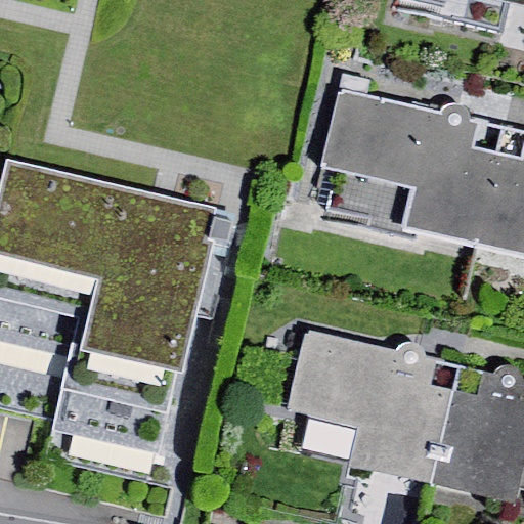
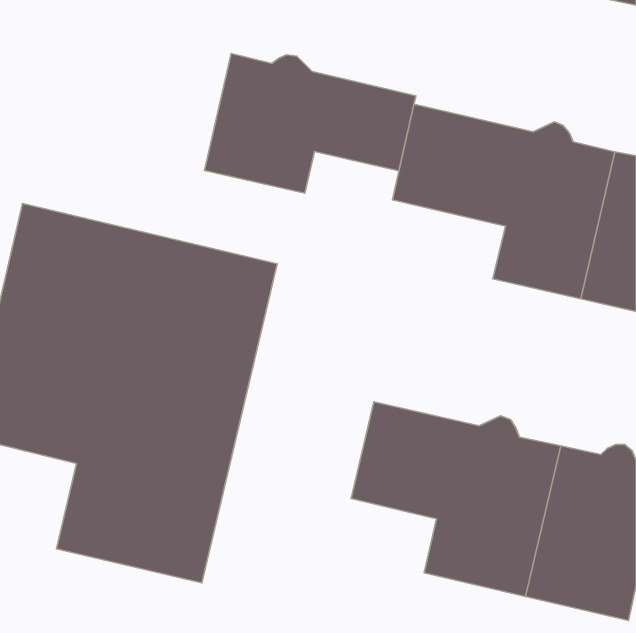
building: none -> [204,54,416,193]

